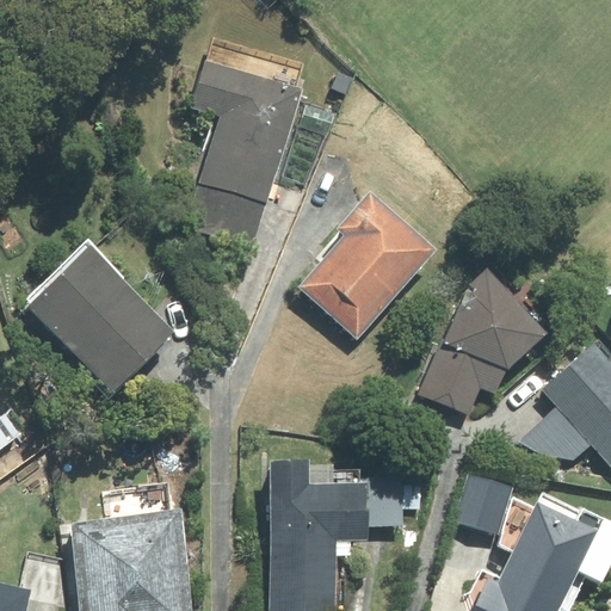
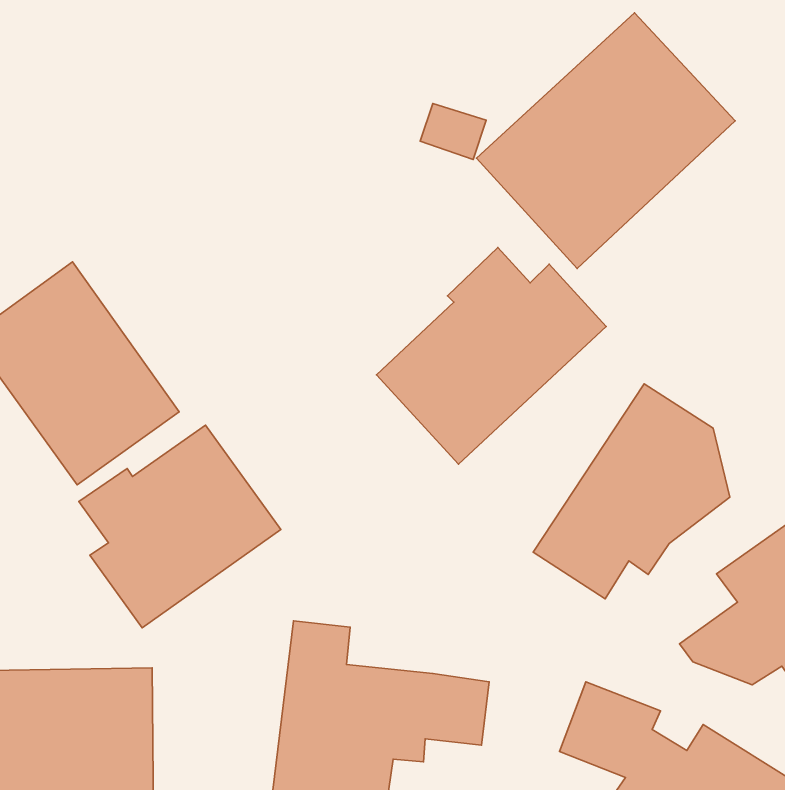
building: none -> [477,13,735,268]
building: [186,64,294,246] -> none
building: none -> [79,425,281,628]

